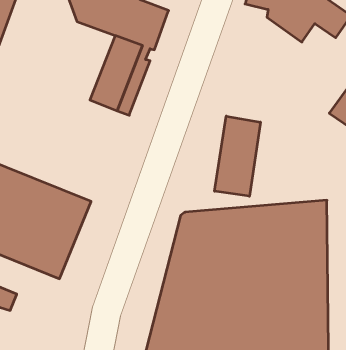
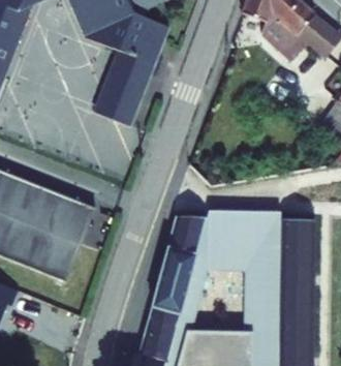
building: [215,116,260,196] -> none

